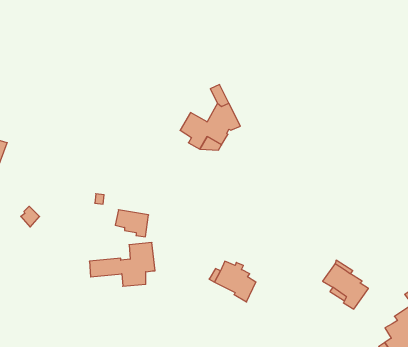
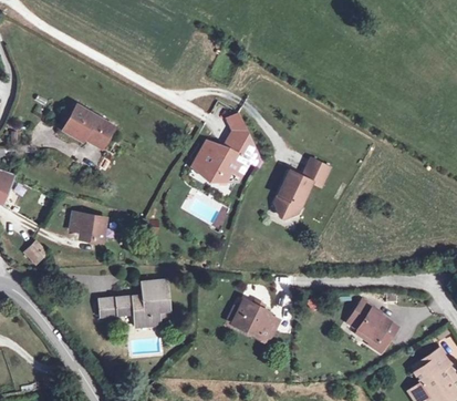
building: none -> [62,105,113,144]
building: none -> [274,158,329,217]
building: [115,210,149,237] -> [69,213,104,241]

